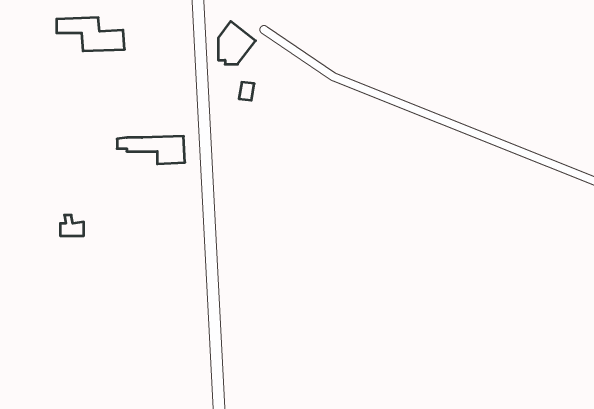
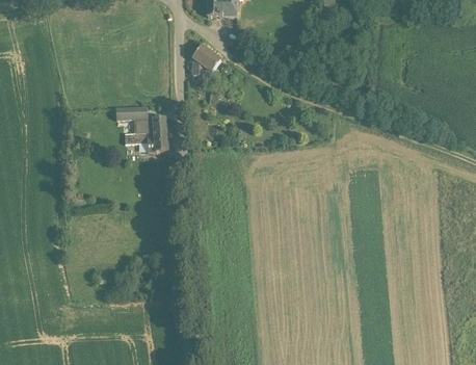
building: [57,18,125,51] -> [115,107,166,132]

